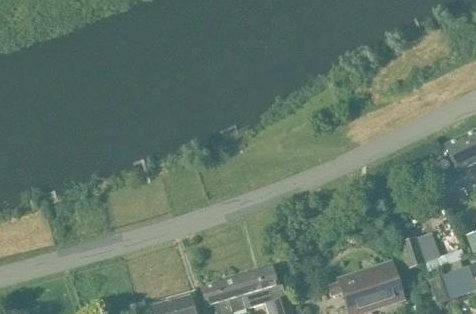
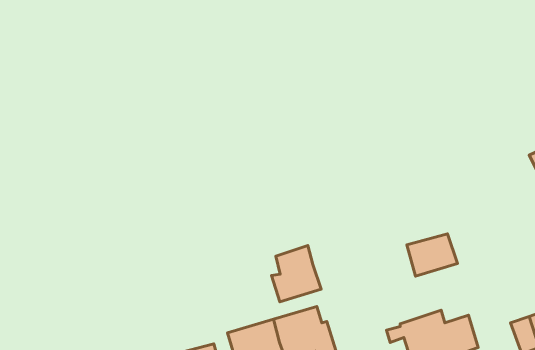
building: none -> [272,245,321,302]
building: [398,233,439,267] -> [407,234,458,276]

